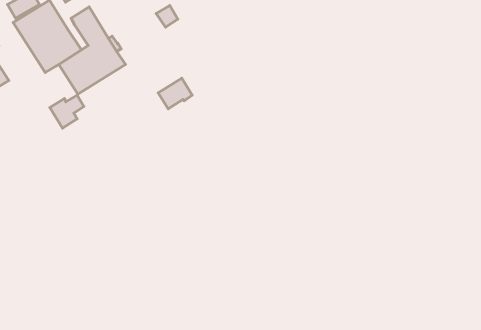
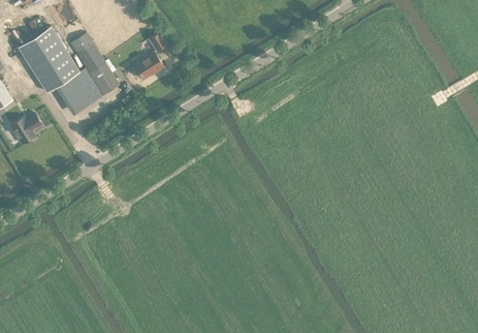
building: [158,78,192,109] -> [132,52,163,80]
building: [50,95,84,128] -> [9,114,40,144]

